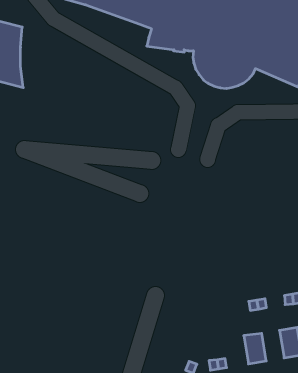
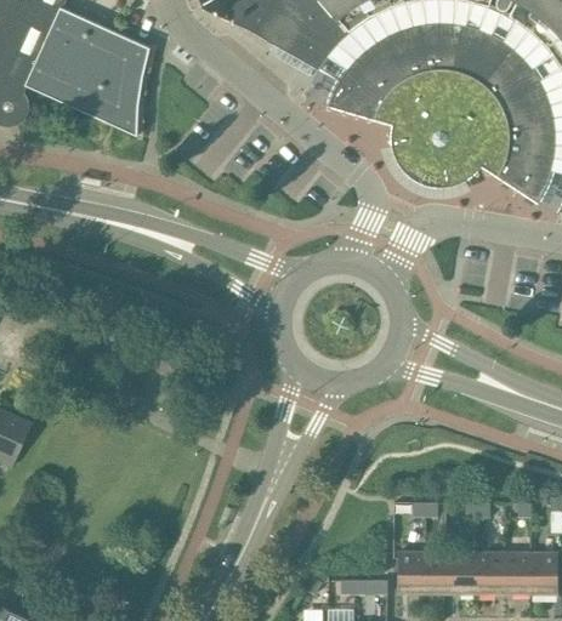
building: none -> [422,551,449,592]

